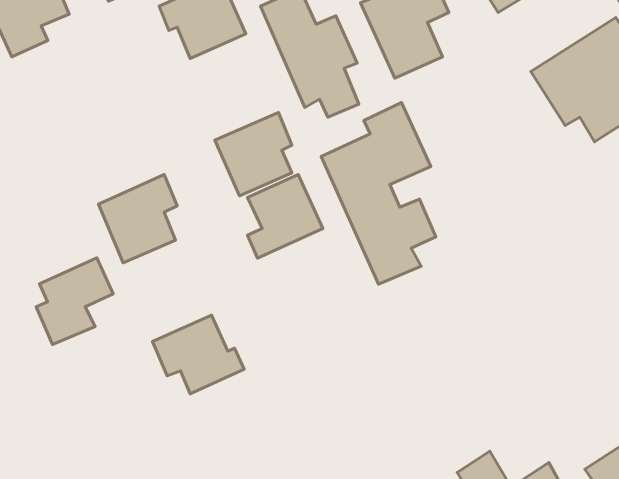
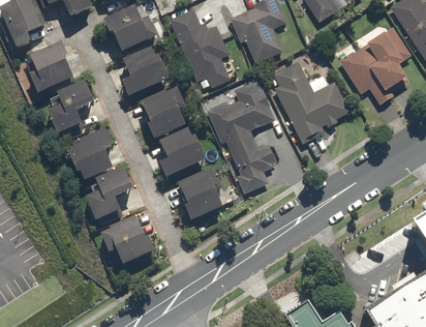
building: none -> [30,40,75,92]
building: none -> [121,44,173,102]
building: none -> [268,62,349,144]
building: none -> [43,80,96,133]
building: none -> [176,166,225,219]
building: [36,258,113,344] -> [86,166,134,220]

